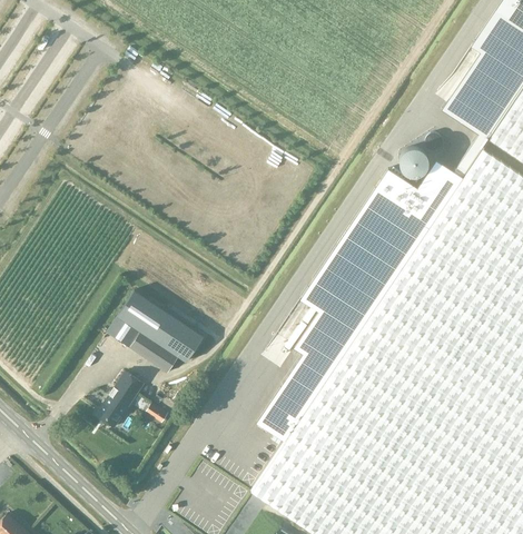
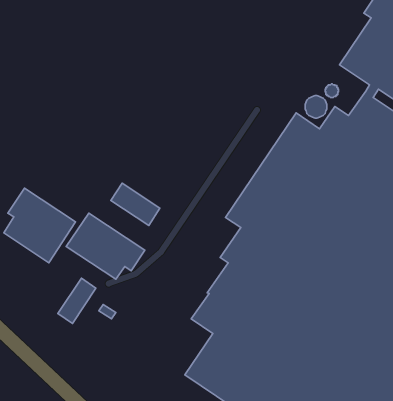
building: none -> [111,183,160,226]
building: none -> [4,188,76,263]

